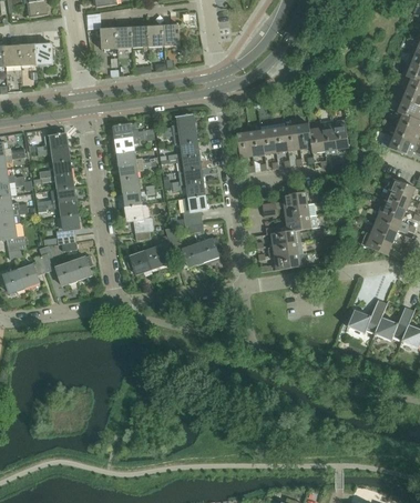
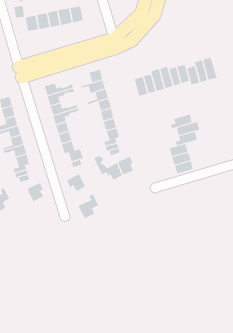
building: [144,237,173,269] -> [78,194,99,219]
building: [40,252,76,285] -> none

